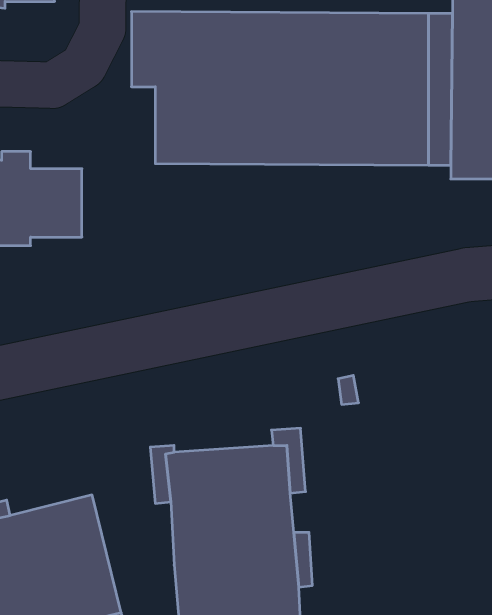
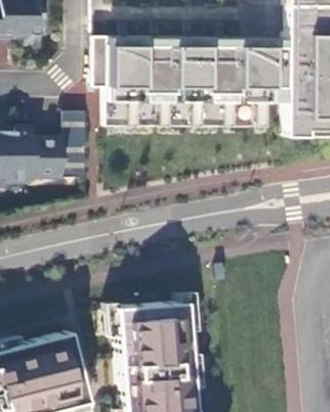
building: none -> [65,108,88,175]

